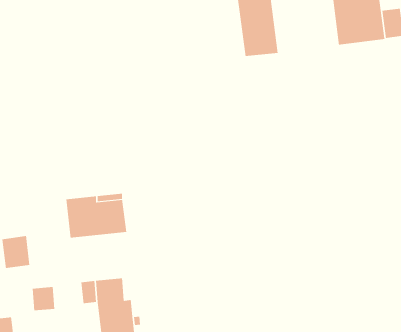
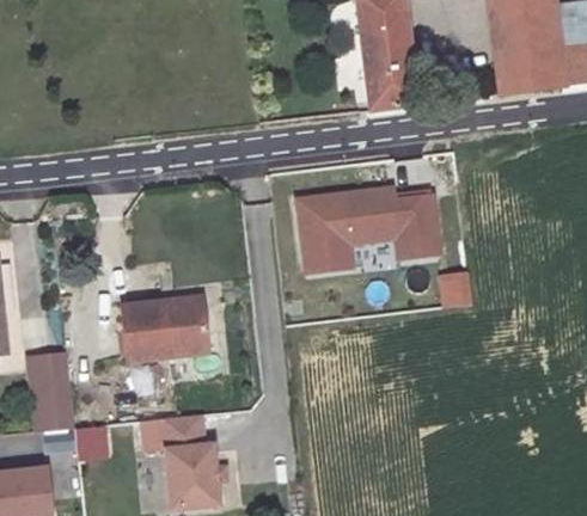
building: none -> [298,191,439,272]
building: none -> [38,397,77,431]

